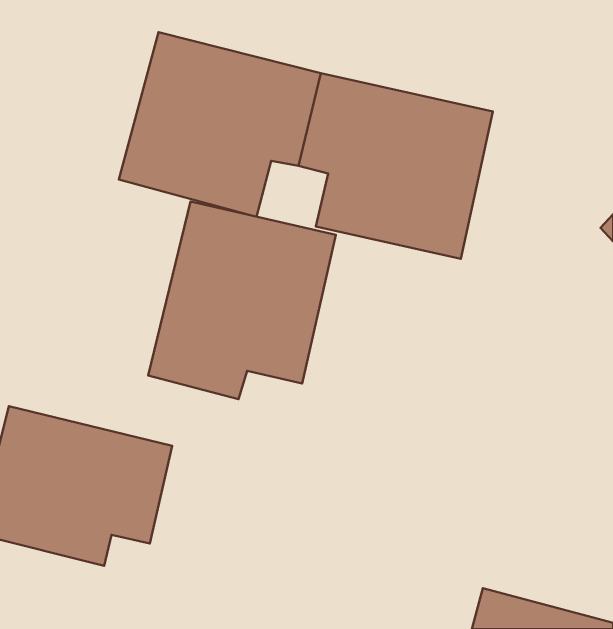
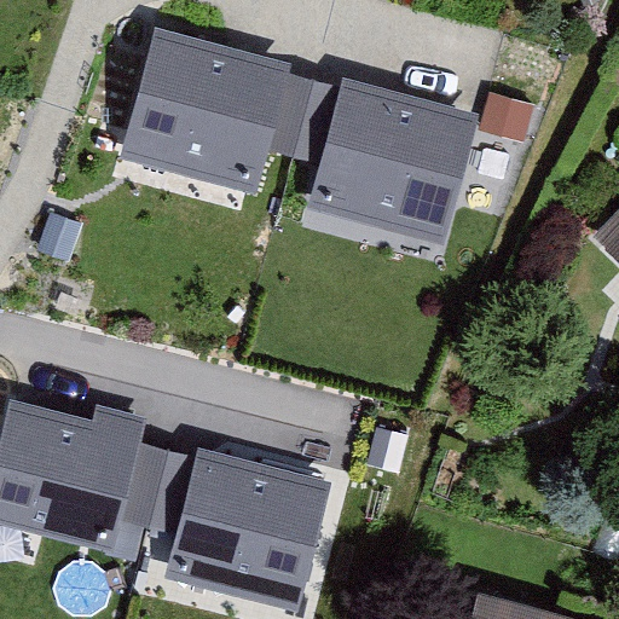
building: [148,202,336,399] -> none
building: none -> [146,435,332,601]

